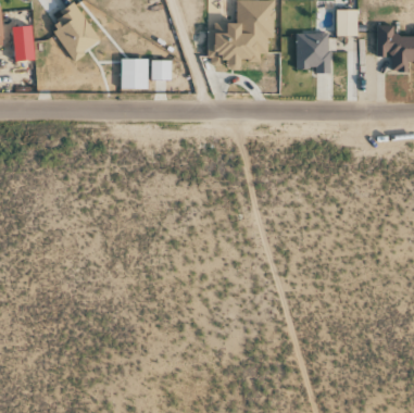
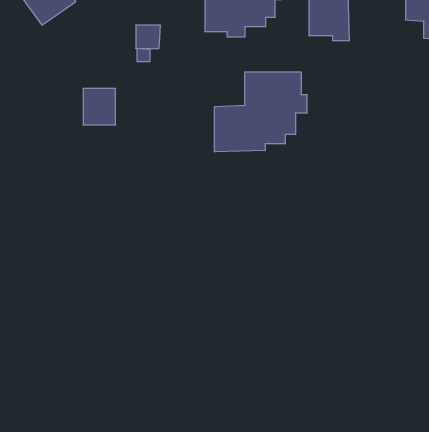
building: [121,58,148,88] -> [83,89,116,125]
building: none -> [215,72,307,152]

